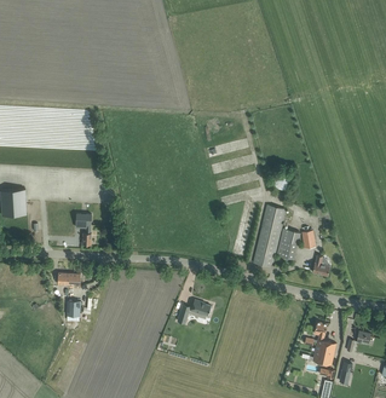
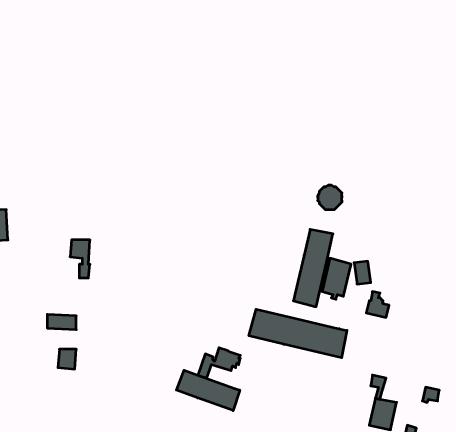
building: none -> [249,309,347,358]
building: none -> [176,370,240,411]

